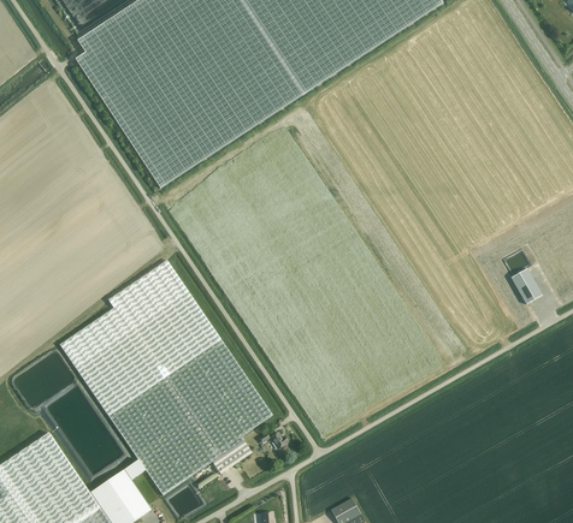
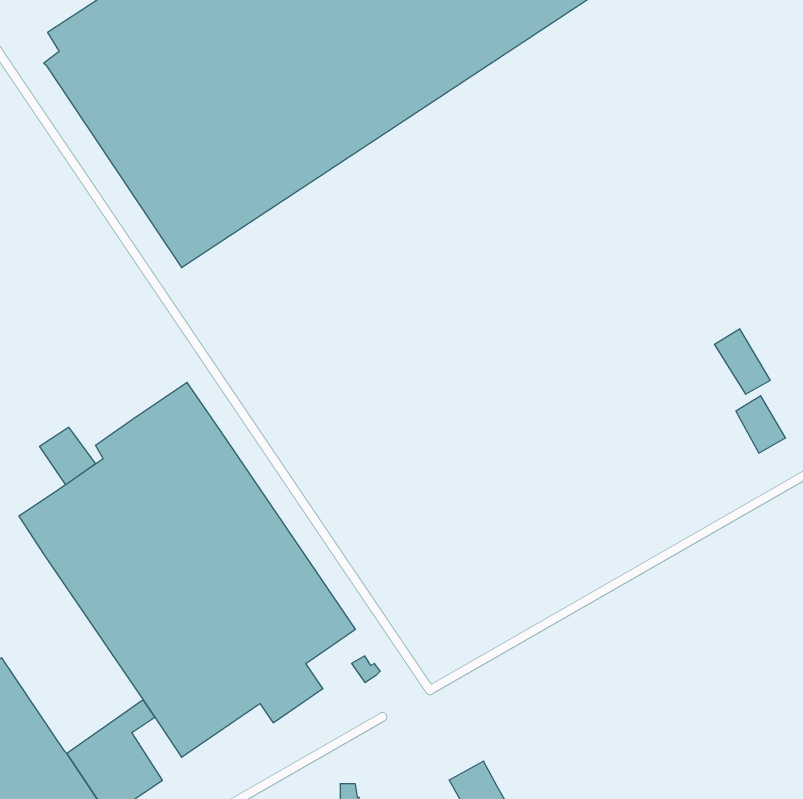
building: none -> [714,329,770,394]
building: none -> [40,427,96,485]

